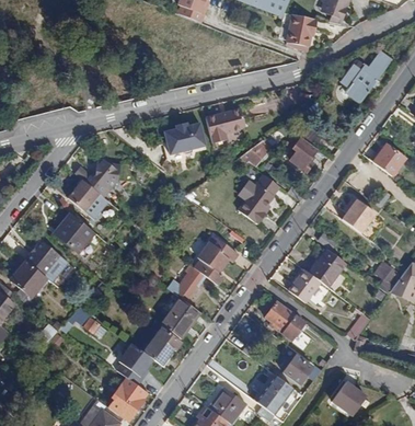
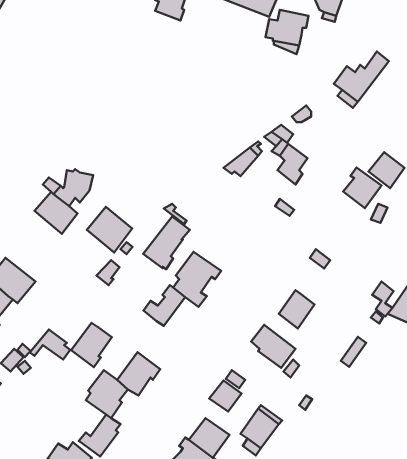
building: [207,110,245,142] -> none
building: [164,122,205,152] -> none
building: [238,174,280,222] -> [143,217,190,269]
building: [342,195,377,232] -> [343,168,382,208]
building: [53,211,94,253] -> [87,207,132,252]
building: [310,247,348,290] -> none
building: [160,297,197,337] -> [71,323,112,367]
building: [283,354,312,382] -> [209,380,241,412]
building: [331,381,365,414] -> none

